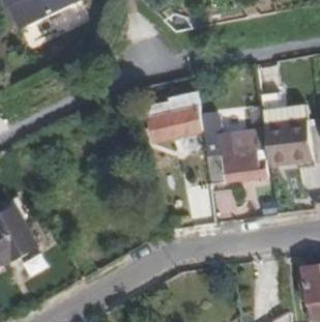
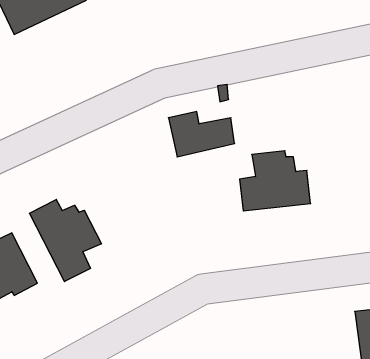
building: [260,91,311,164] -> none
building: none -> [29,199,101,282]

